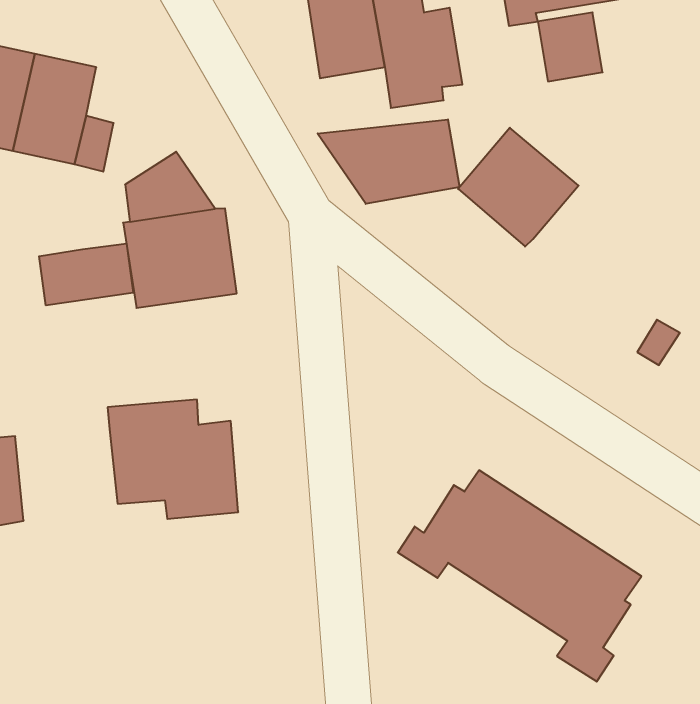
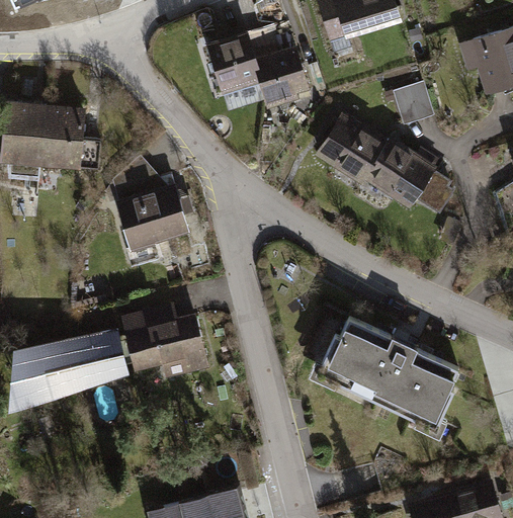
building: [538,12,603,81] -> [393,80,436,125]
building: [318,119,459,204] -> none
building: none -> [364,137,454,214]
building: [39,244,133,305] -> none
building: none -> [67,329,135,392]

